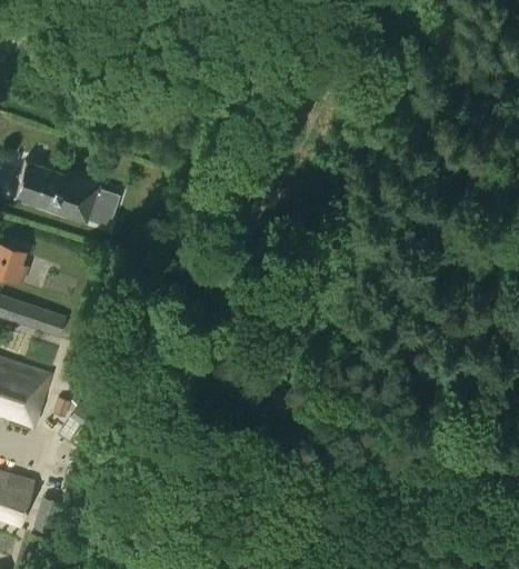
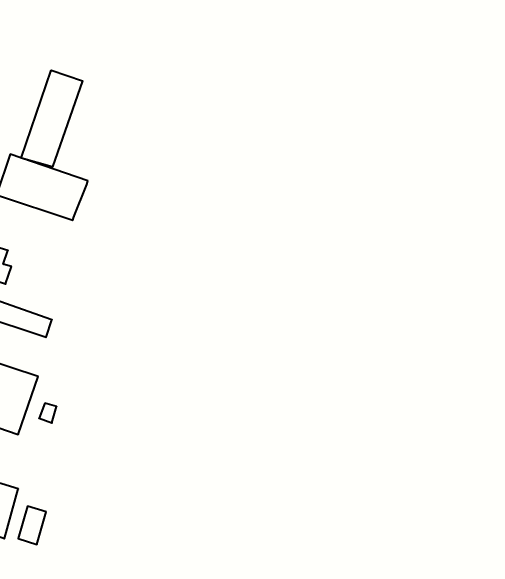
building: none -> [21,70,83,167]
building: [87,188,120,227] -> none

